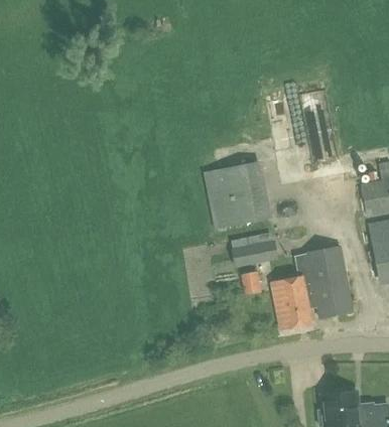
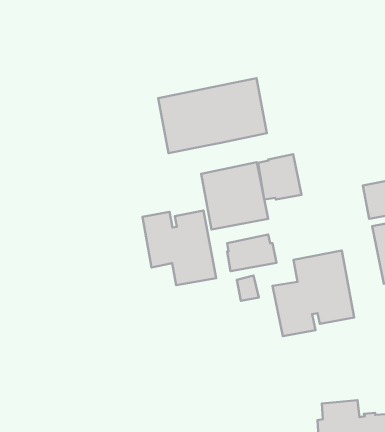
building: none -> [158,78,267,153]
building: none -> [258,154,301,200]
building: none -> [143,211,216,285]

